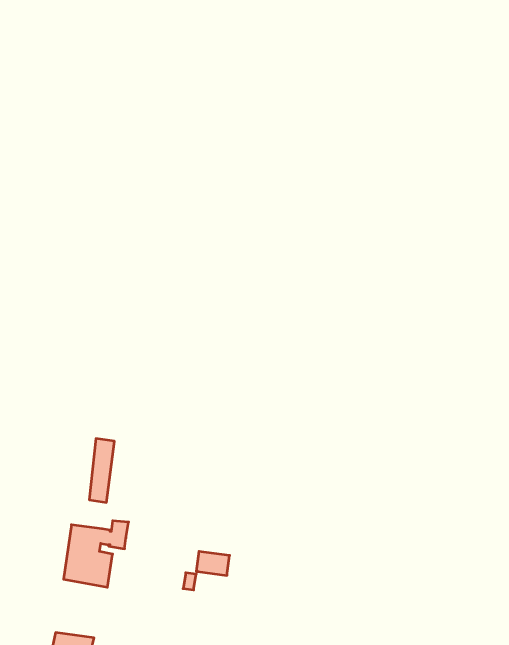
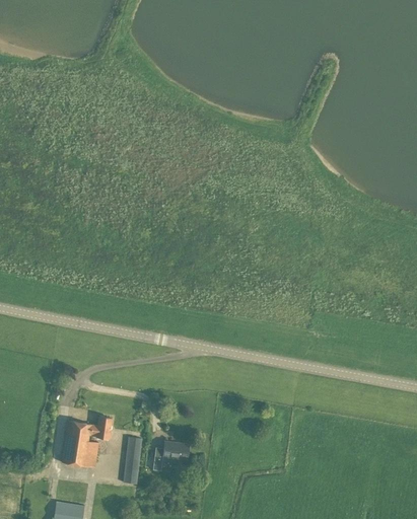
building: [89,439,114,502] -> [123,437,142,486]

